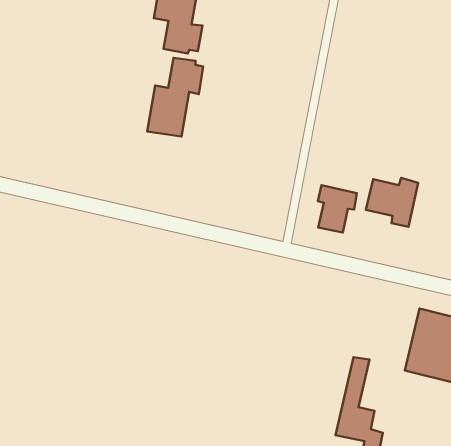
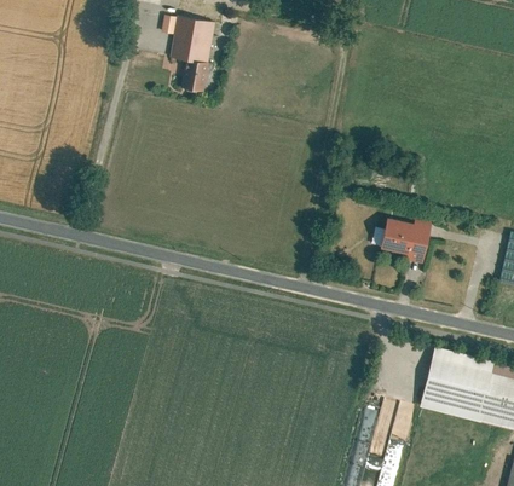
building: [147,58,203,137] -> none
building: [318,185,357,233] -> none

